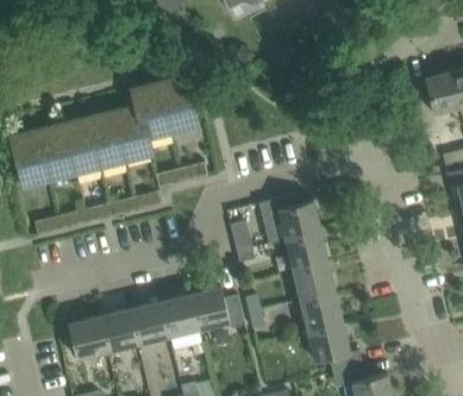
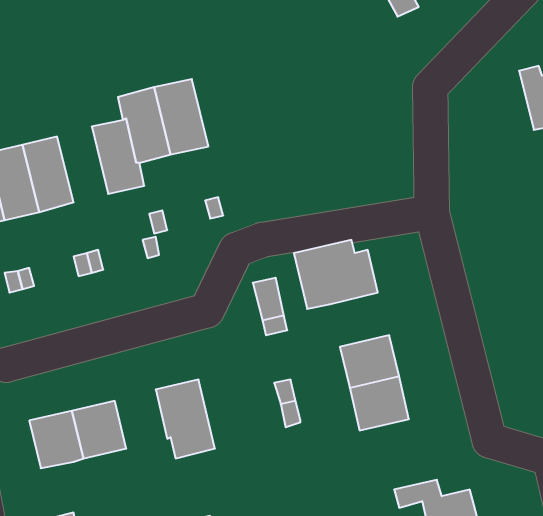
building: [88,111,125,165] -> none
building: [286,231,329,270] -> none
building: [190,287,245,329] -> none
building: [130,301,168,344] -> none
building: [307,322,363,373] -> none

